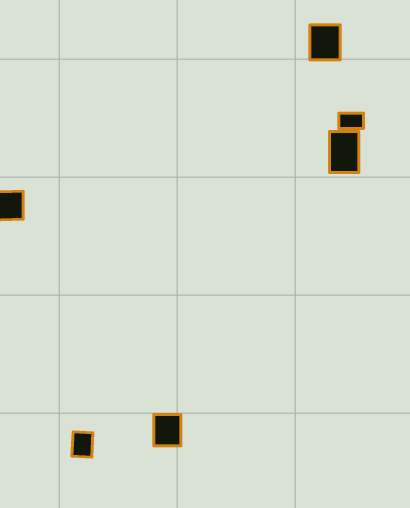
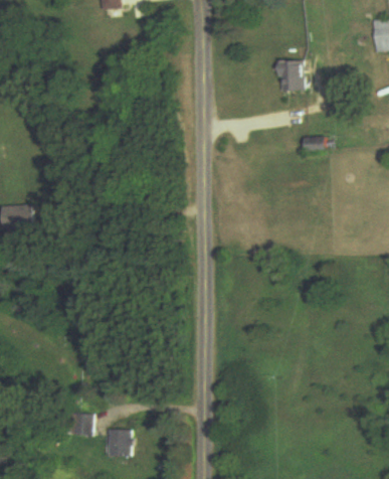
building: [329,131,359,172] -> none
building: [154,415,181,446] -> [107,429,130,456]

